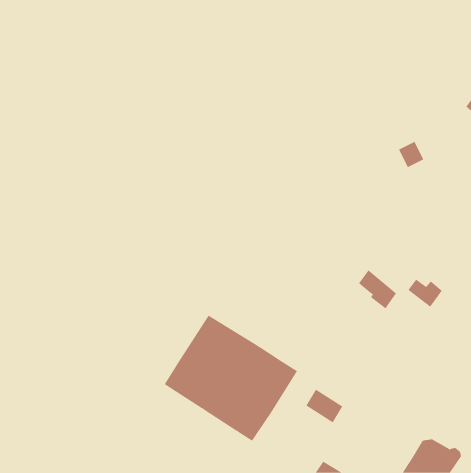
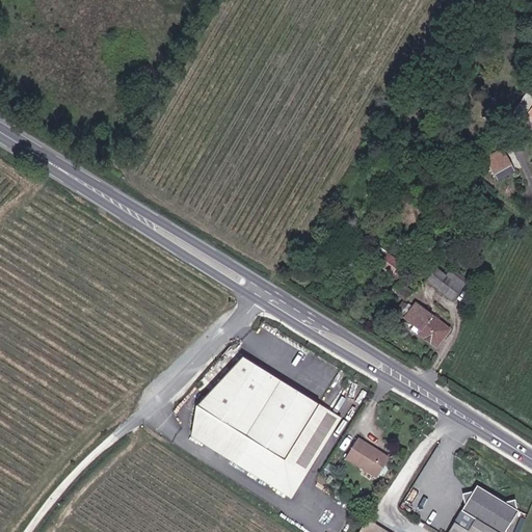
building: [398,141,424,168] -> [484,152,513,182]
building: [407,279,443,307] -> [429,267,469,299]

